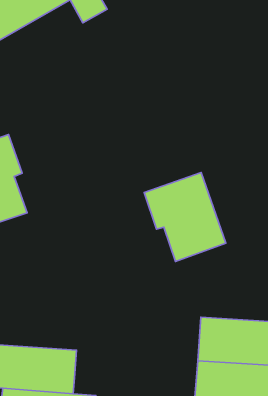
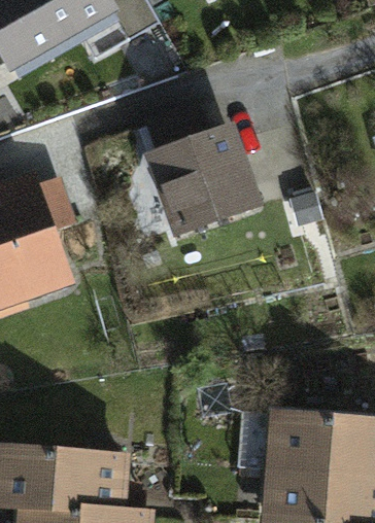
building: none -> [147,113,253,232]
building: [144,172,226,261] -> none

